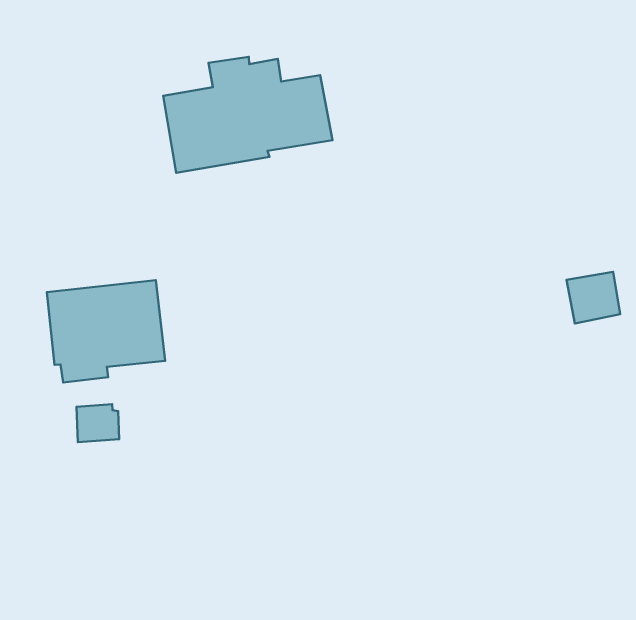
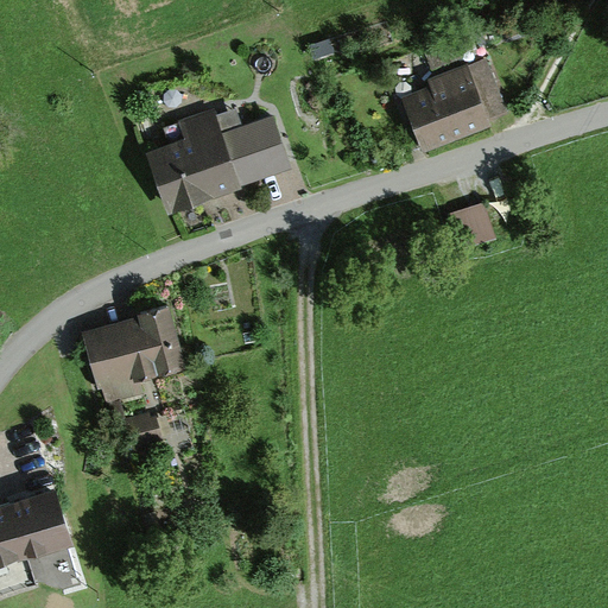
building: none -> [399,58,504,150]
building: [566,272,620,324] -> [445,203,494,251]

